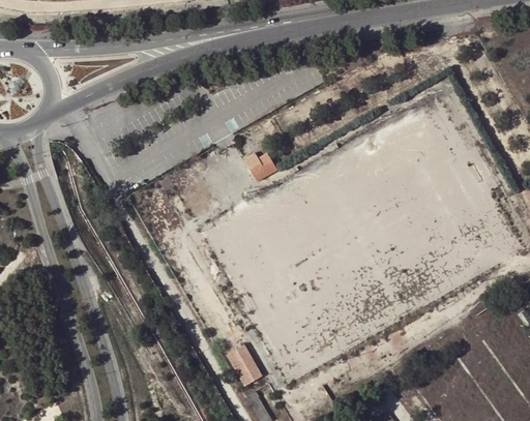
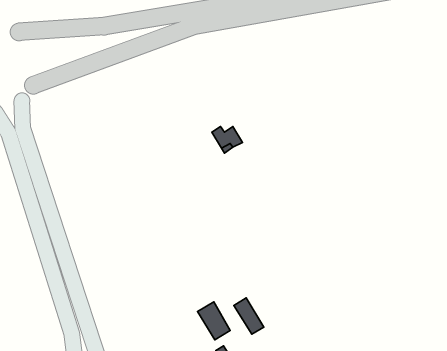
building: none -> [234,298,264,334]

